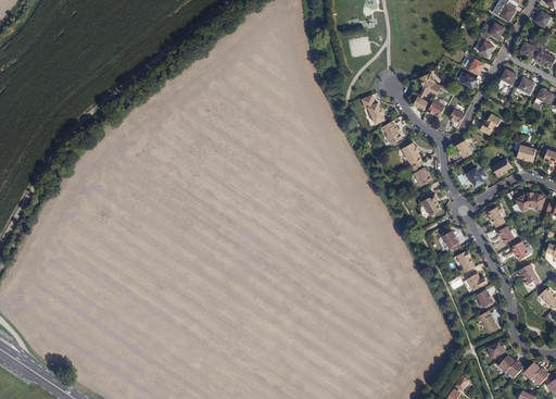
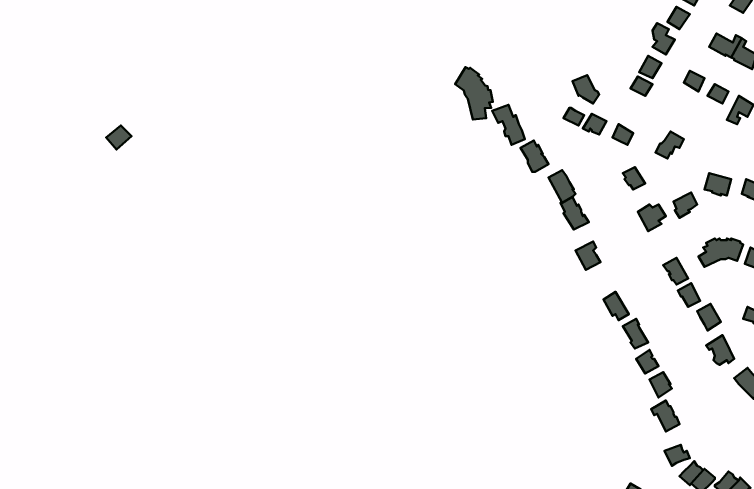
building: none -> [455,67,493,120]

